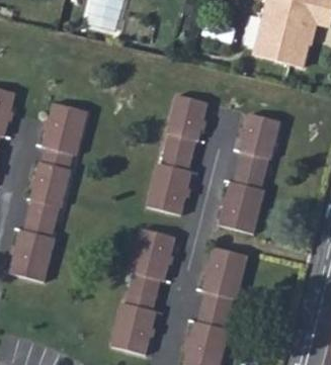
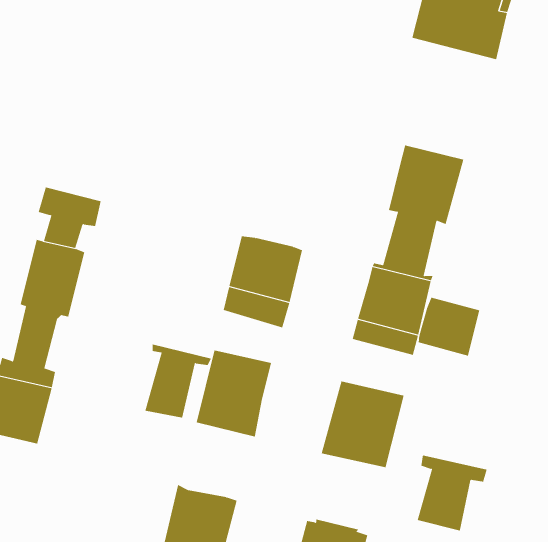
building: [165,92,208,168] -> none
building: [48,106,86,143] -> none
building: none -> [418,297,480,356]
building: [128,266,165,307] -> [145,344,212,418]
building: [198,283,238,326] -> [417,455,488,531]

